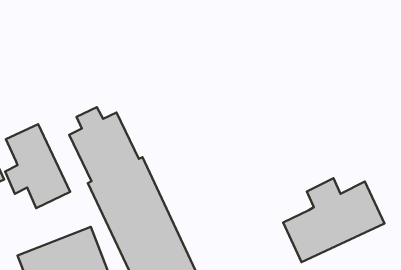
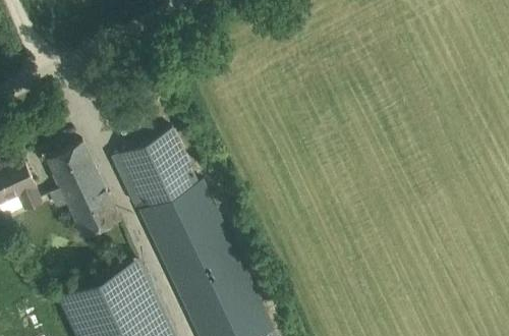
building: [283,178,384,262] -> none

